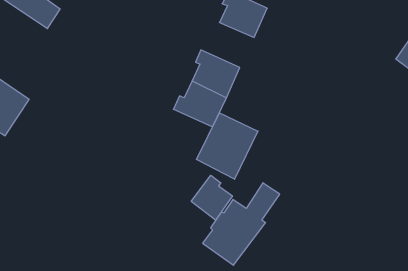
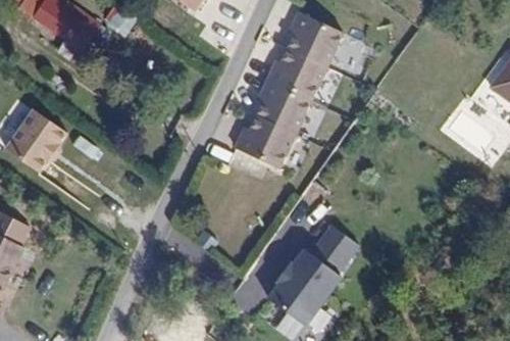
building: none -> [266,45,327,97]
building: [196,113,258,179] -> none
building: [191,175,232,220] -> none

